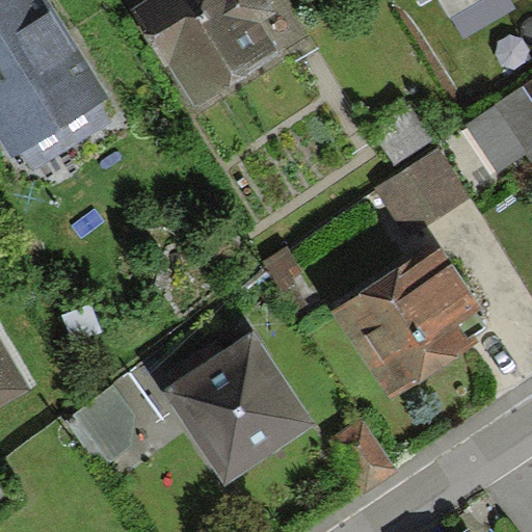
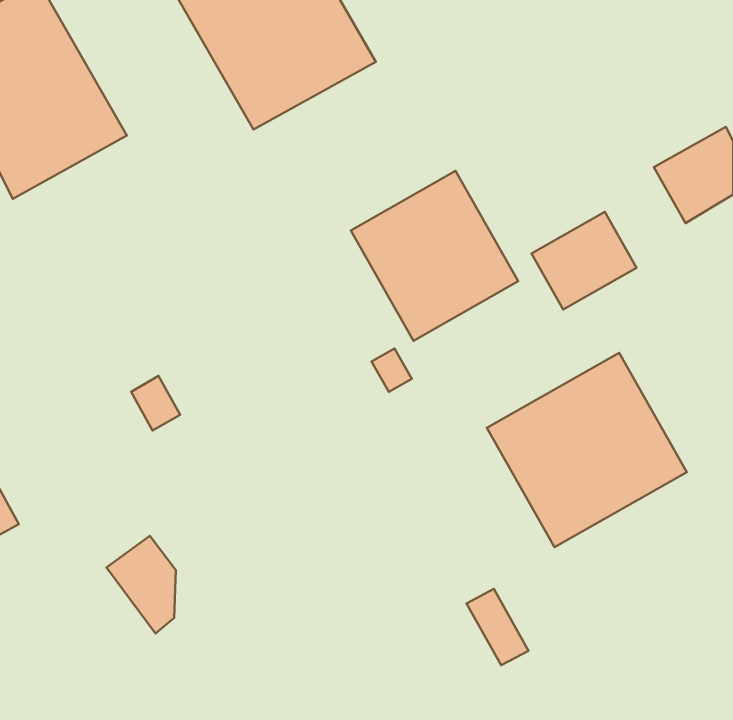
building: none -> [351,171,518,341]
building: [168,338,308,474] -> none

